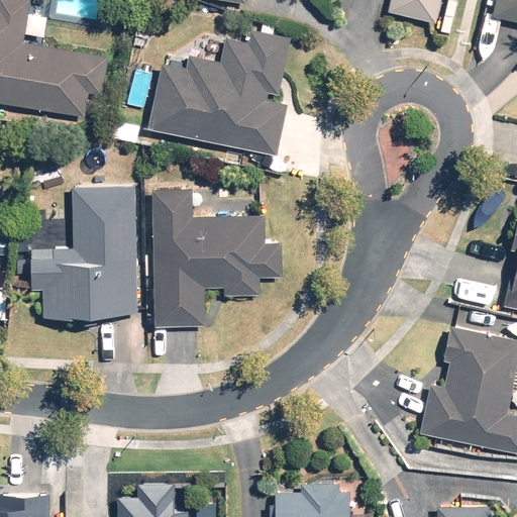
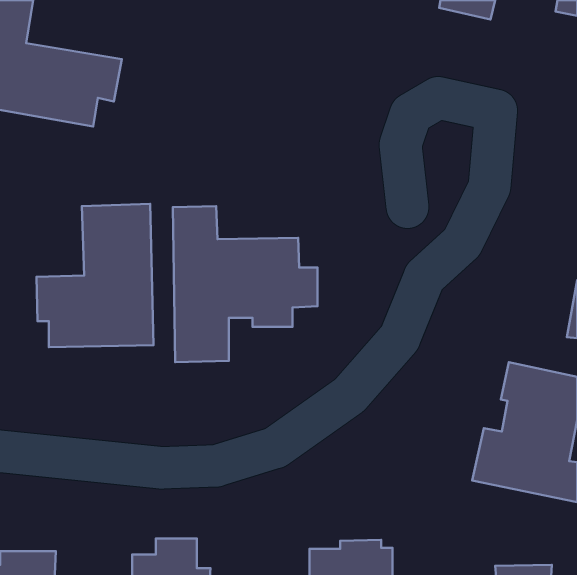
building: [147,33,289,157] -> none

